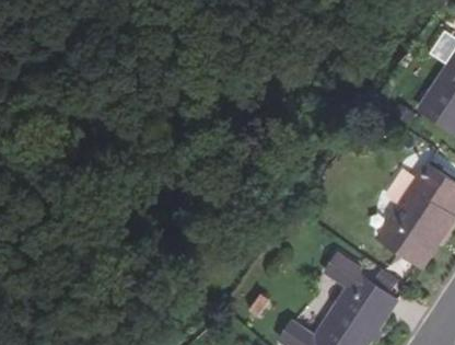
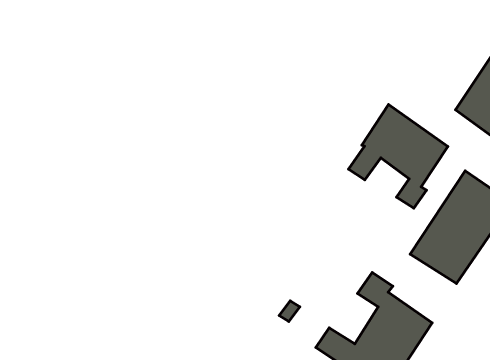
building: none -> [349,105,448,208]

